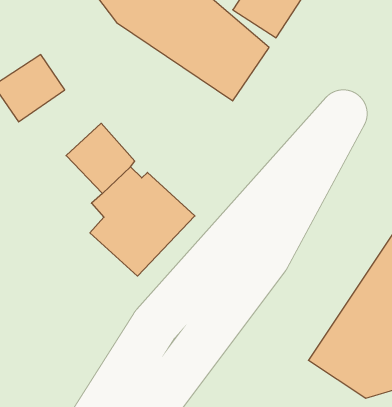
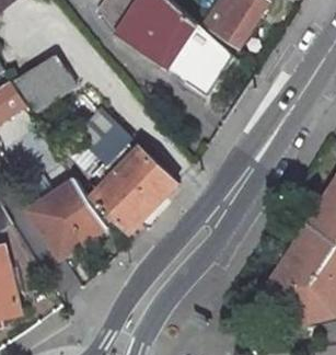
building: none -> [28,178,103,255]

